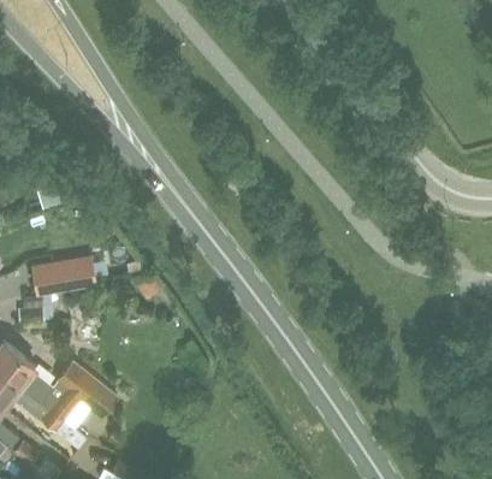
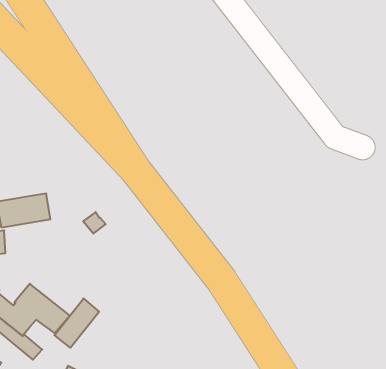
building: none -> [54,298,99,348]

